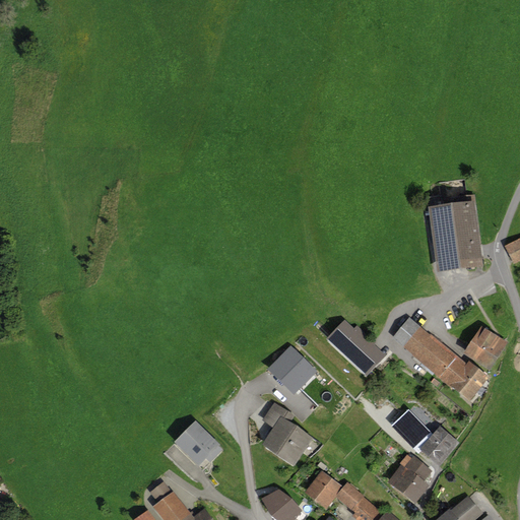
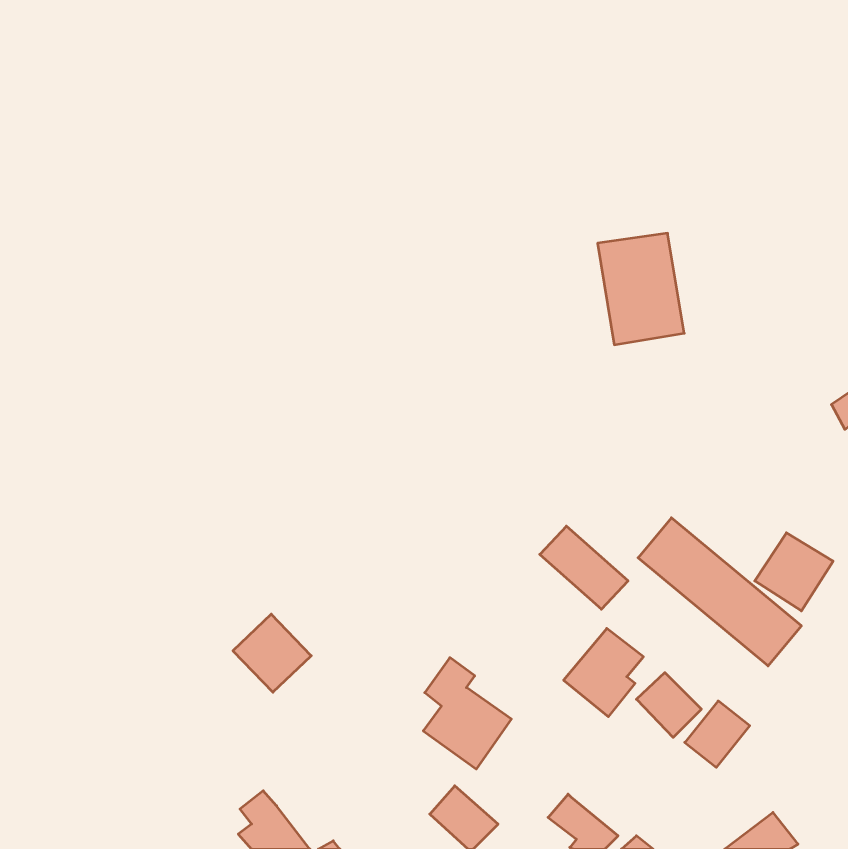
building: [426,199,478,267] -> [598,233,684,345]
building: [273,348,317,392] -> none
building: [172,421,219,469] -> [233,614,311,692]
building: [386,453,435,507] -> [564,628,643,717]
building: [304,469,343,510] -> none

